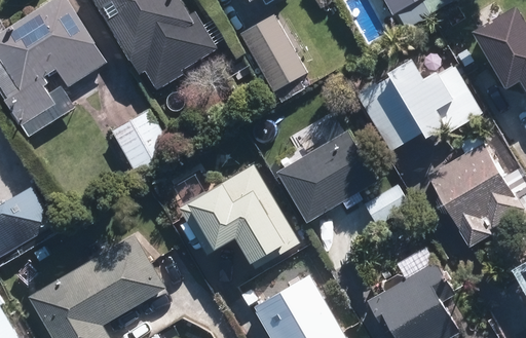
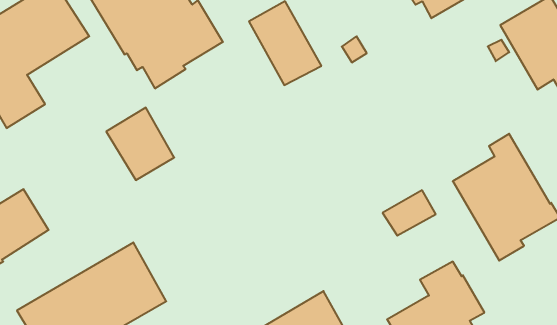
building: [356,62,482,153] -> none
building: [275,130,377,225] -> none
building: [177,166,297,270] -> none

